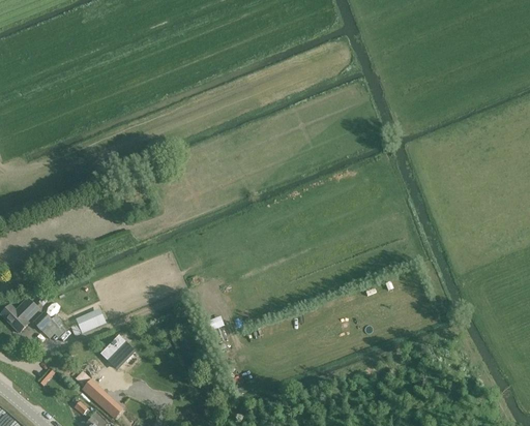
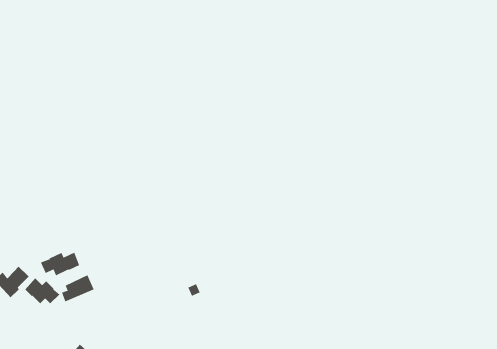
building: none -> [40,252,80,276]
building: [101,335,134,367] -> none

